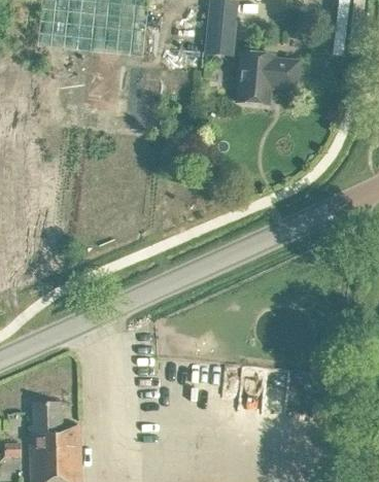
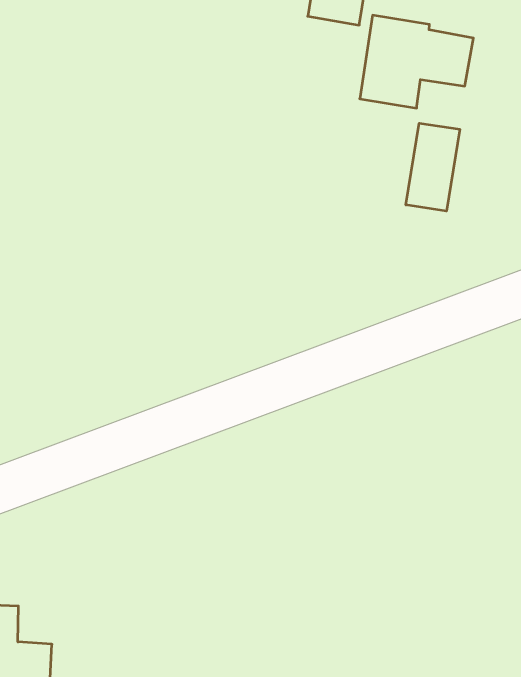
building: none -> [406,123,460,211]

